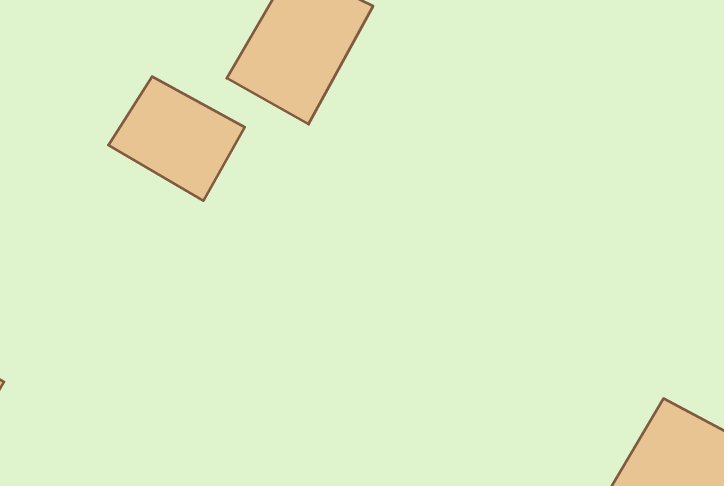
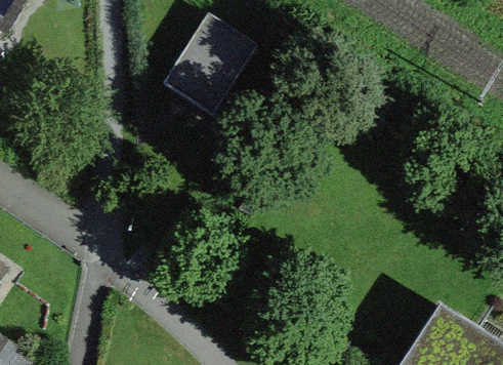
building: [108,77,245,201] -> none

